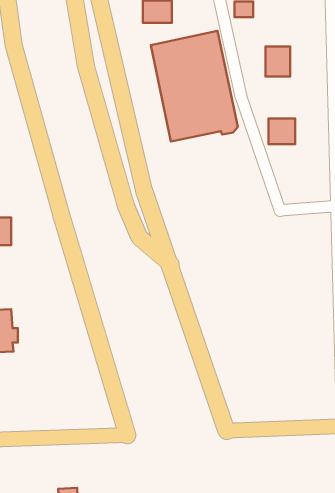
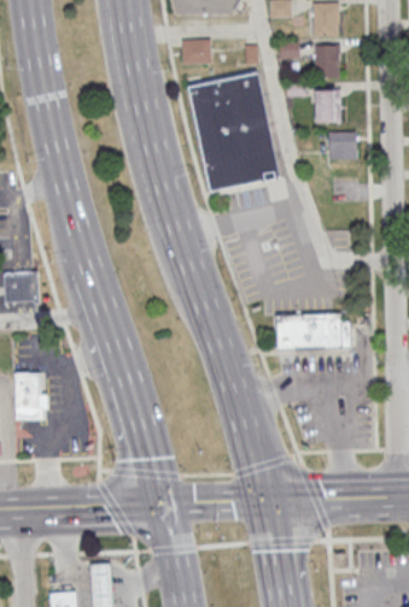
building: none -> [314,46,339,77]
building: [268,118,295,144] -> [328,131,357,159]
building: none -> [279,316,350,350]

